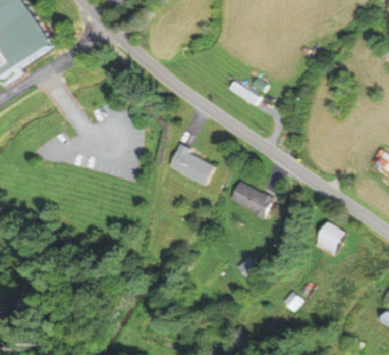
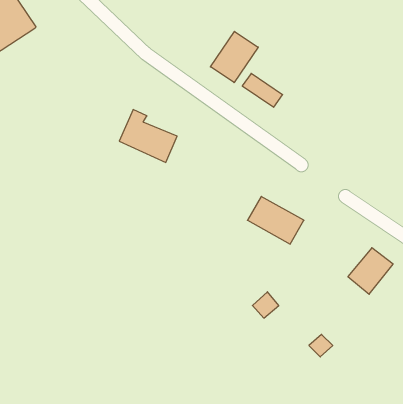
building: none -> [210,31,258,83]
building: [167,143,214,186] -> [119,110,177,162]

